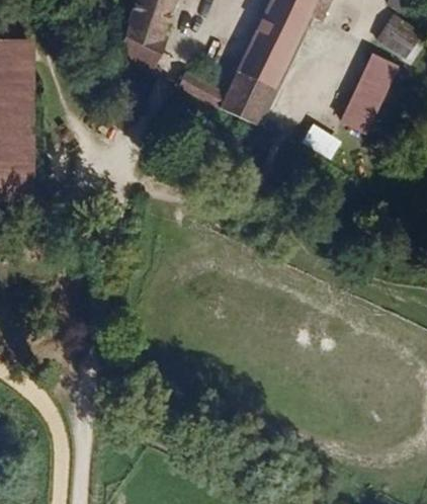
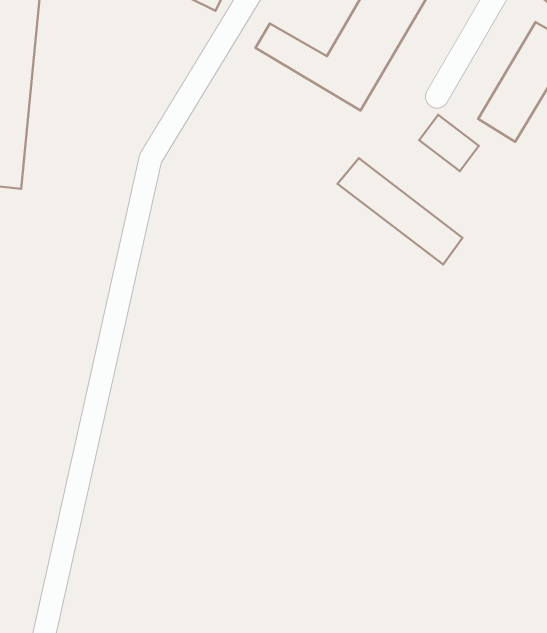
building: none -> [337,158,462,264]

